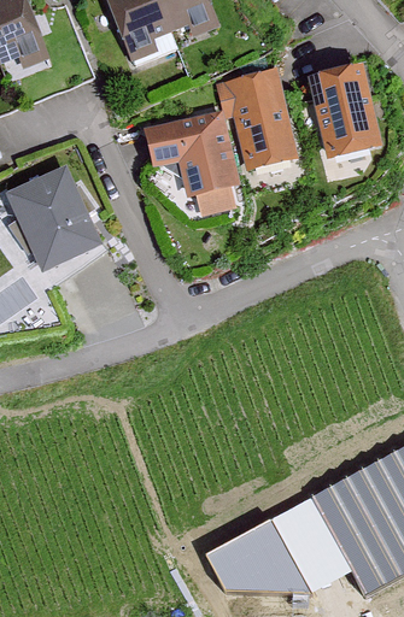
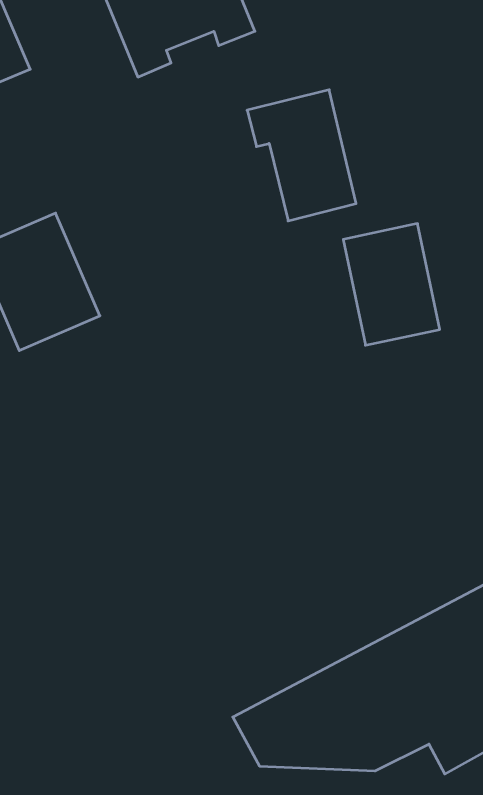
building: [309,66,382,159] -> [343,224,440,345]
building: [144,111,239,200] -> none

